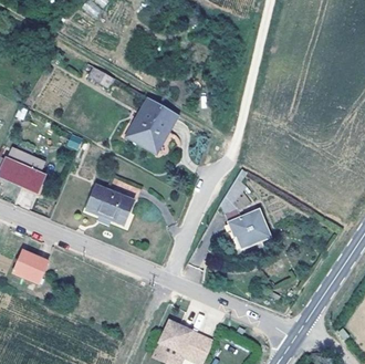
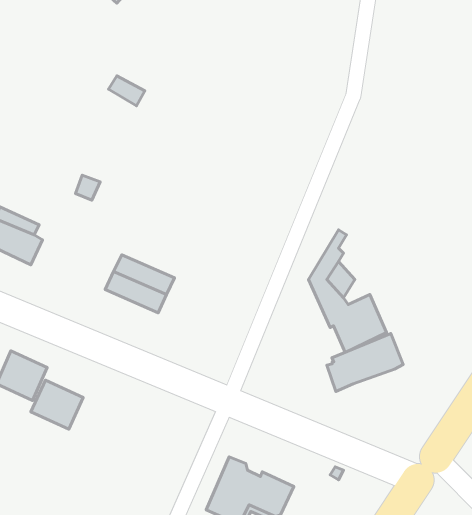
building: [126,96,178,152] -> none
building: none -> [327,334,403,391]
building: none -> [31,380,83,429]

